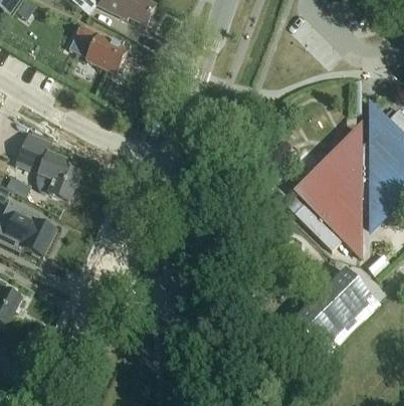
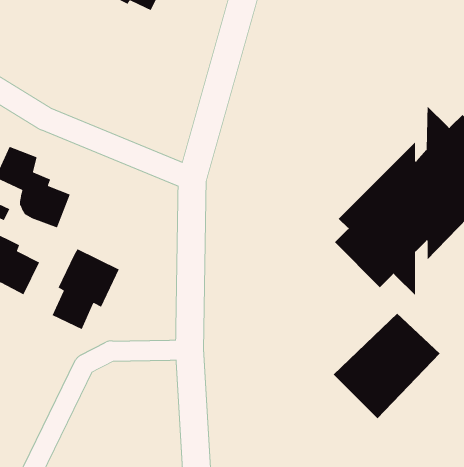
building: [69,24,130,73] -> none
building: none -> [52,248,120,330]

